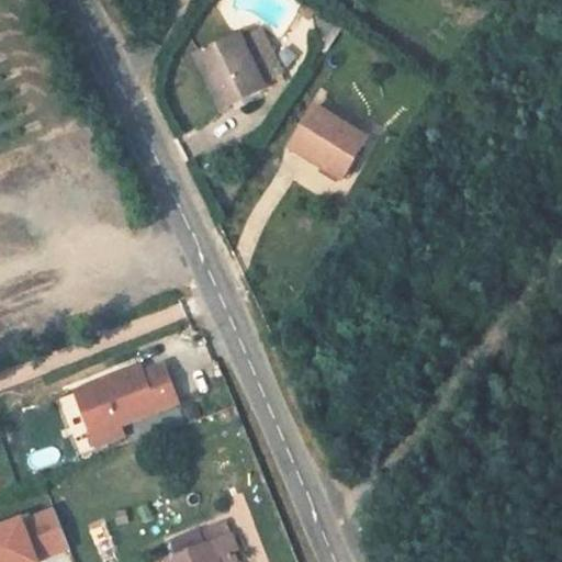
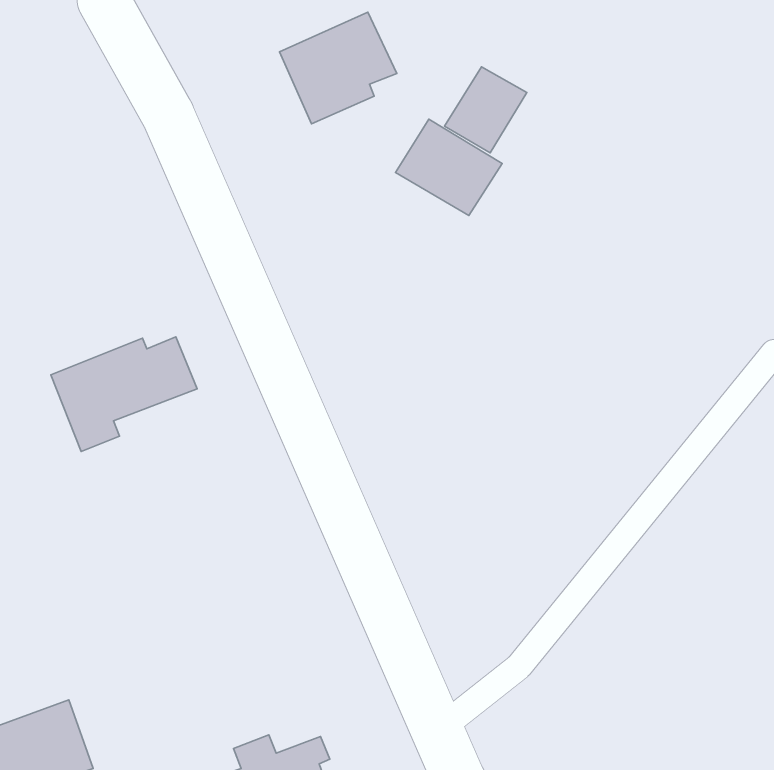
building: none -> [444,67,527,153]
building: [71,371,177,453] -> [51,337,197,451]

